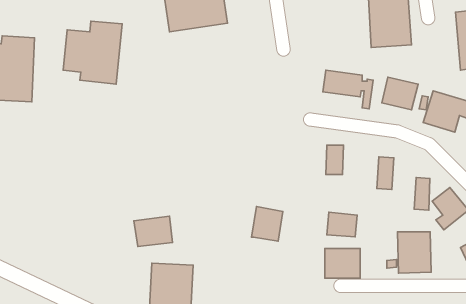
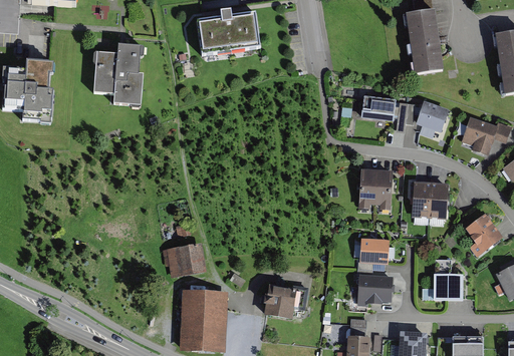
building: none -> [376,169,392,201]
building: [414,178,430,210] -> [427,183,443,216]
building: [251,207,283,241] -> [262,282,294,317]

